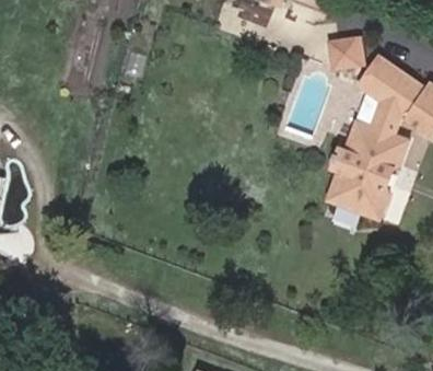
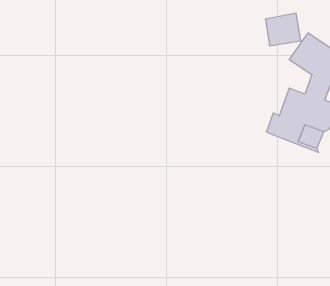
building: [323,167,386,217] -> none

